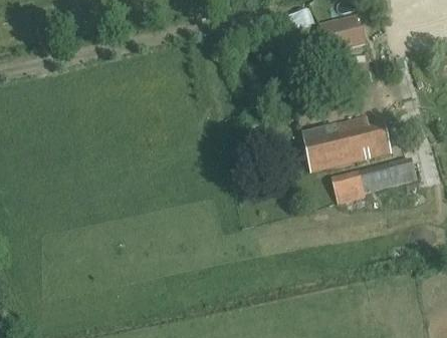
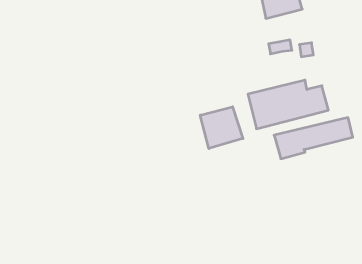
building: none -> [200,107,243,149]

